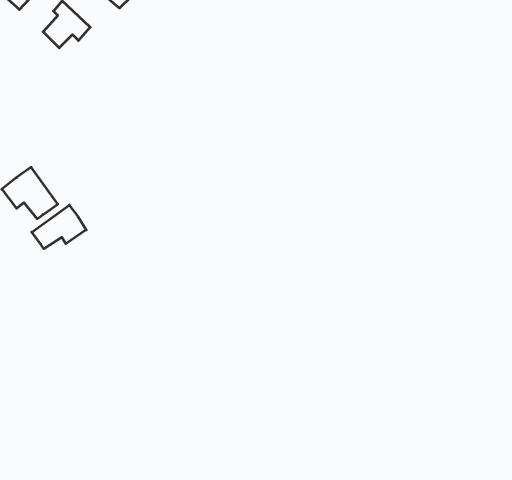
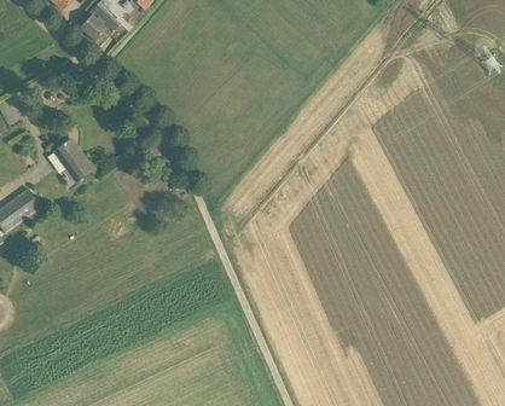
building: [32,205,86,249] -> none

